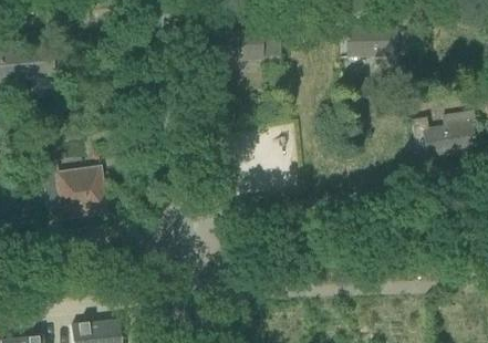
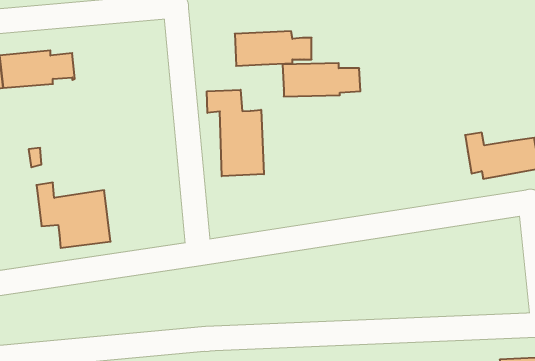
building: [349,28,416,56] -> [282,63,360,96]
building: none -> [207,90,264,176]

